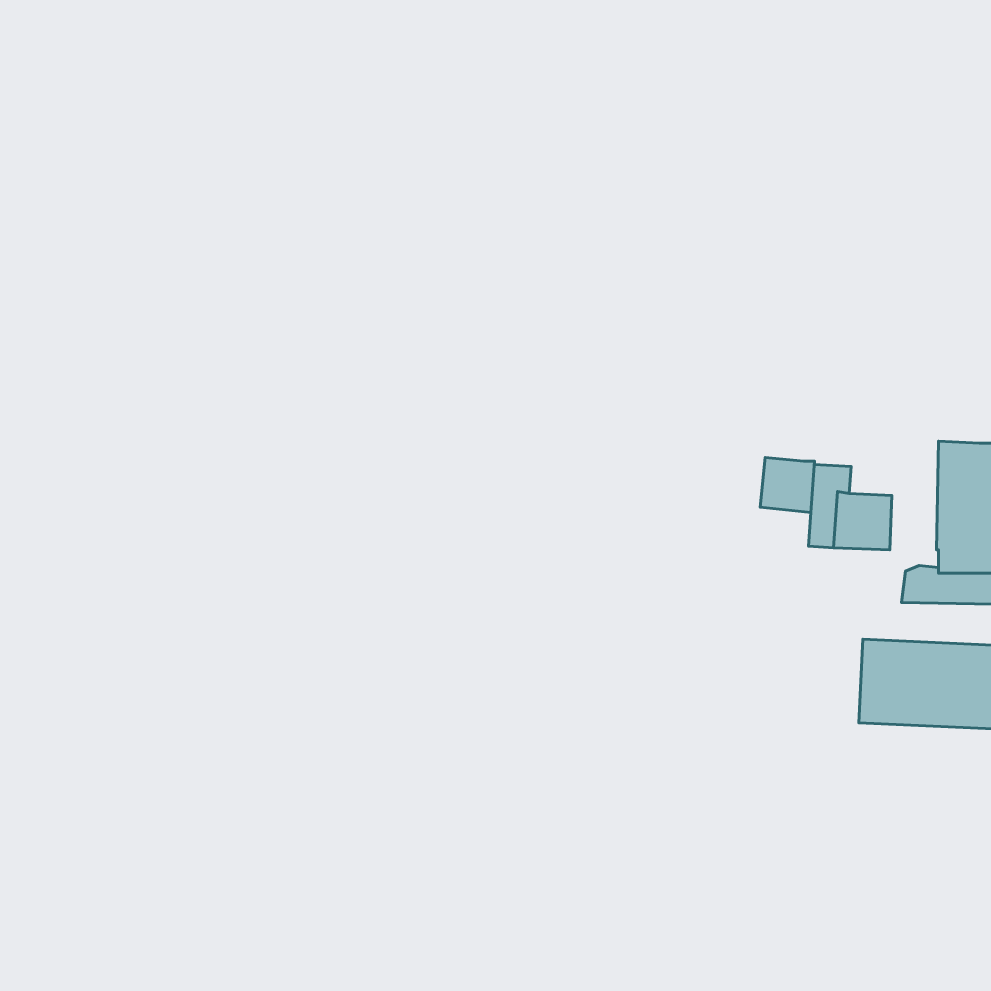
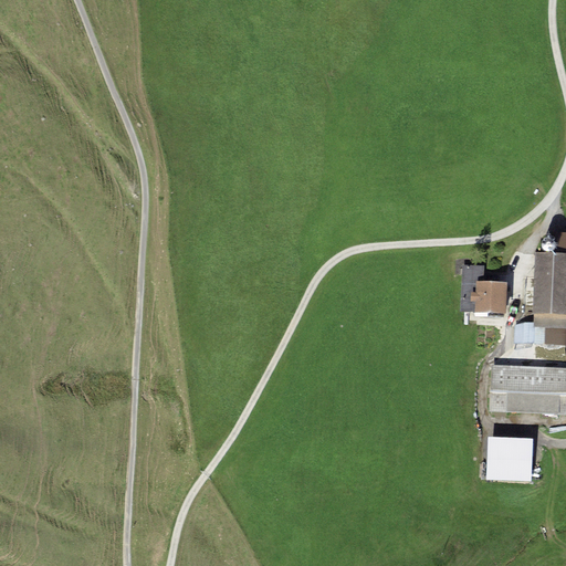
building: [760,458,814,512] -> none
building: none -> [488,437,534,481]

